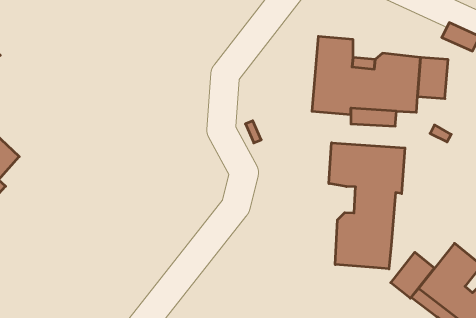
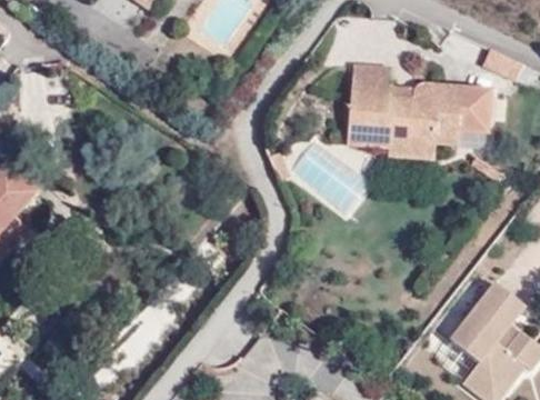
building: [329,143,405,269] -> none
building: [391,252,434,298] -> none

